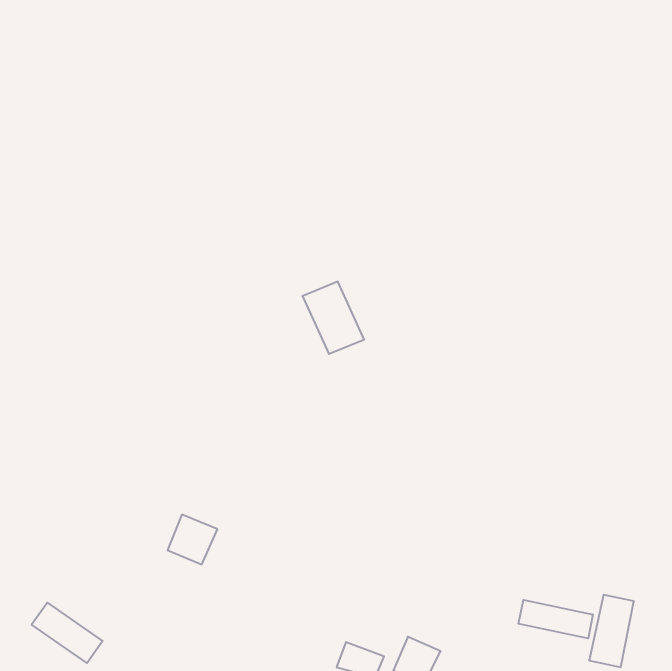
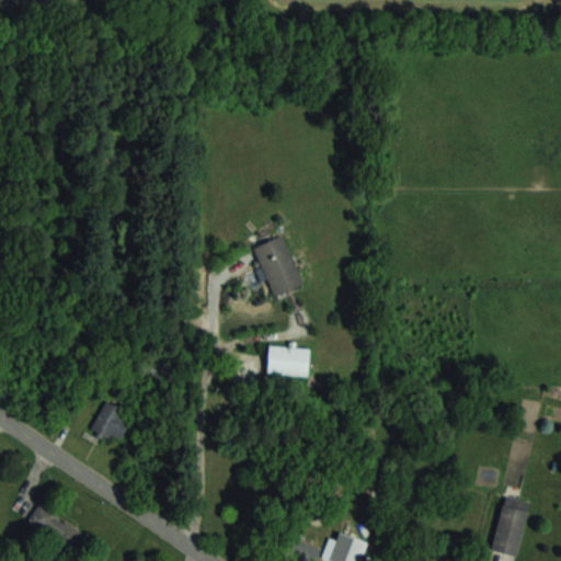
building: none -> [267,346,308,376]
building: [168,515,217,565] -> [91,401,133,443]
building: [519,600,593,638] -> none

